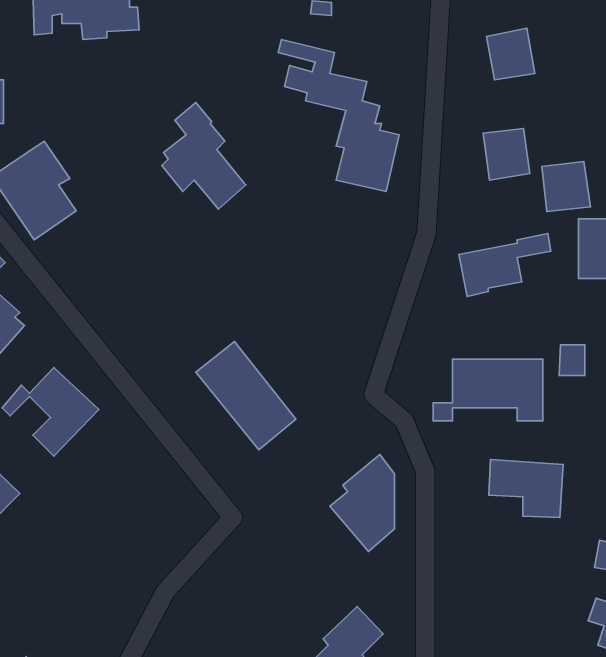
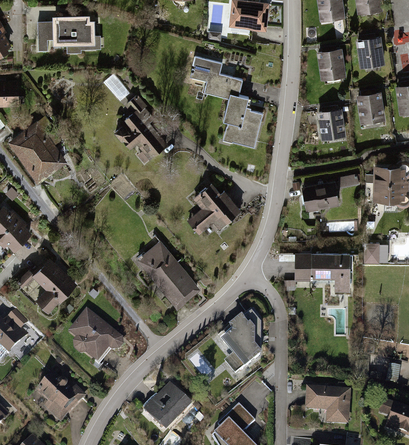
building: none -> [355,36,385,68]
building: [542,162,590,212] -> [356,92,386,123]
building: none -> [187,182,244,236]
building: none -> [68,309,124,364]
building: [489,460,563,518] -> [303,388,349,424]
building: none -> [34,372,86,423]
building: none -> [143,384,192,432]

